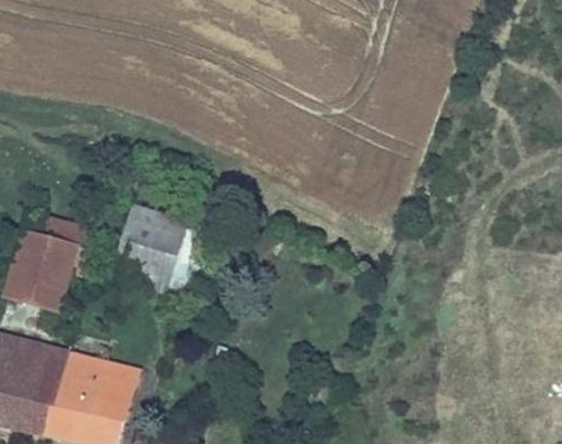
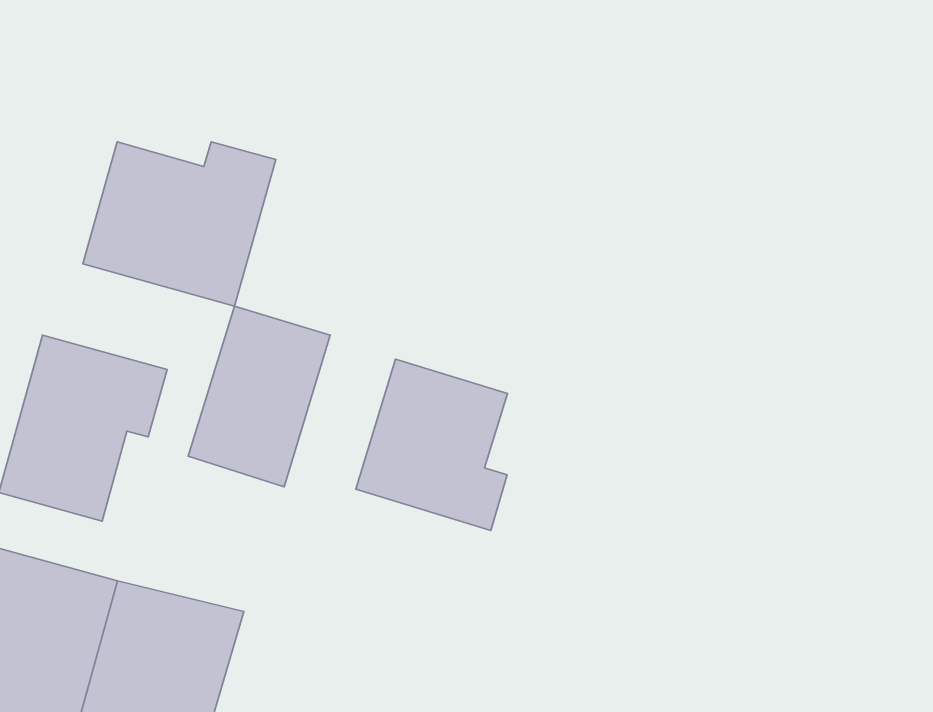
building: none -> [83,142,276,306]
building: none -> [356,359,507,531]

